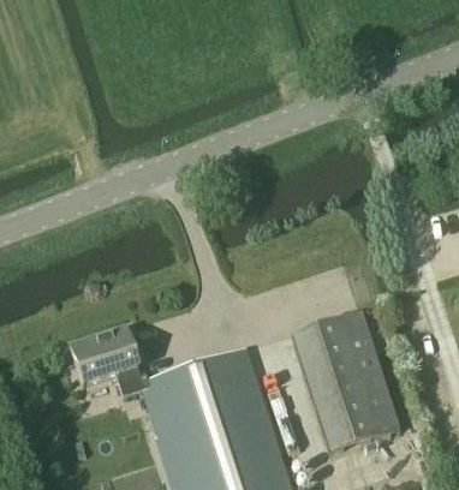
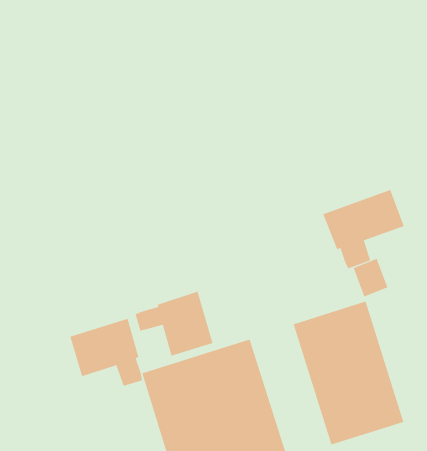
building: none -> [323,189,404,269]
building: none -> [135,291,213,356]

